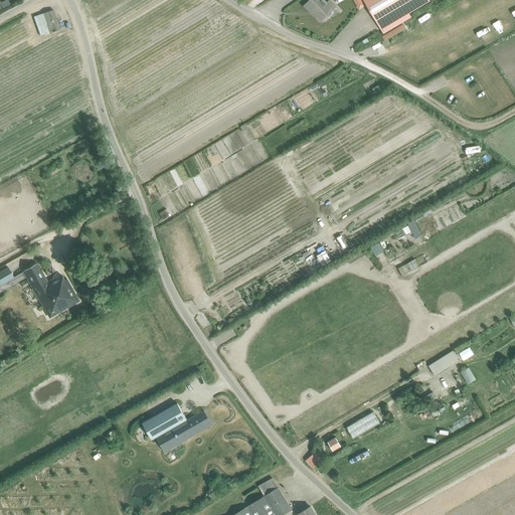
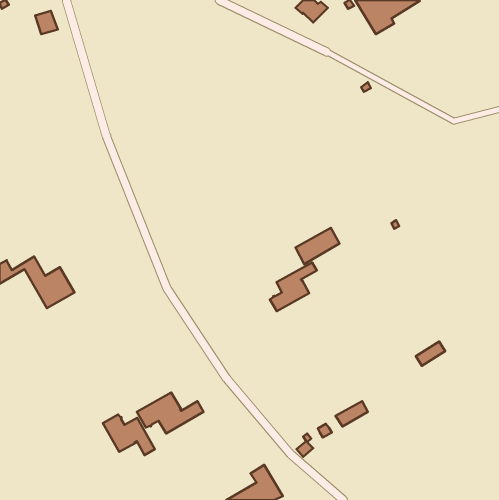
building: none -> [270,263,317,311]
building: none -> [103,414,155,455]

